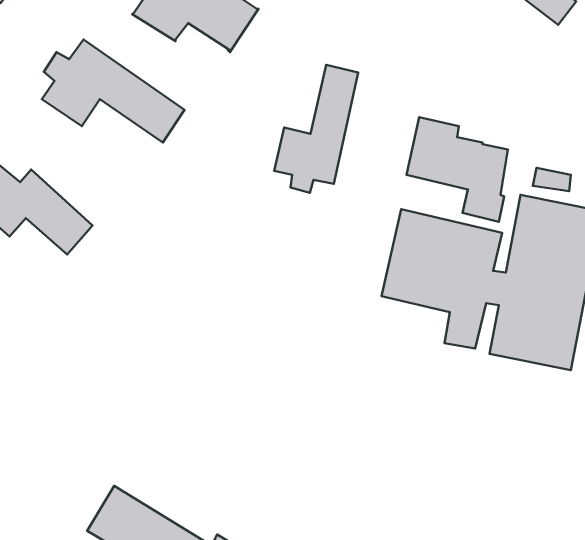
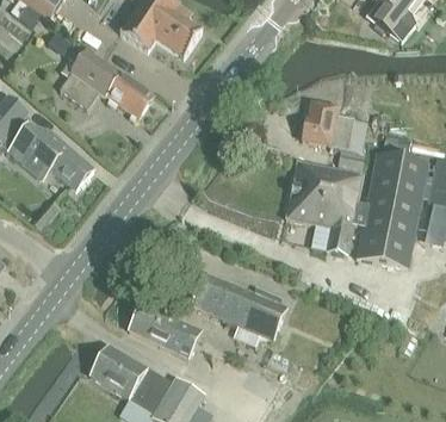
building: [274,65,358,193] -> none
building: none -> [191,272,287,340]
building: none -> [128,303,202,358]

